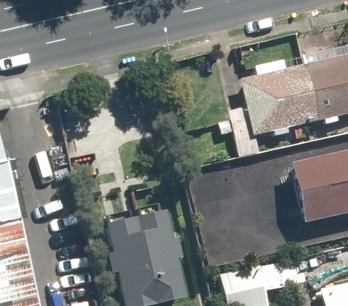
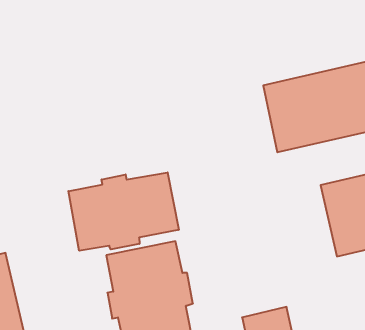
building: none -> [68,172,179,251]

